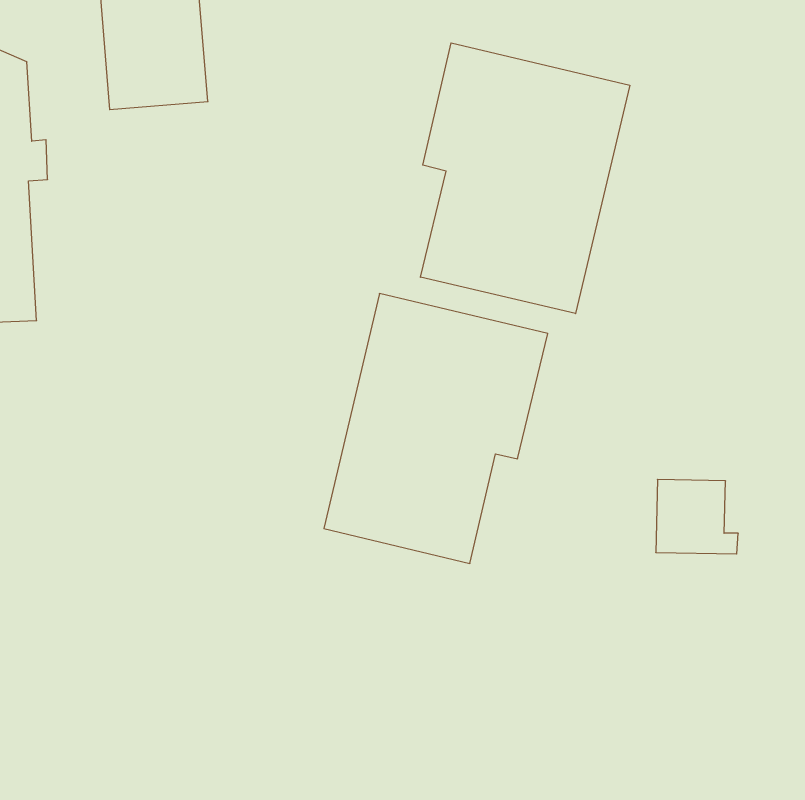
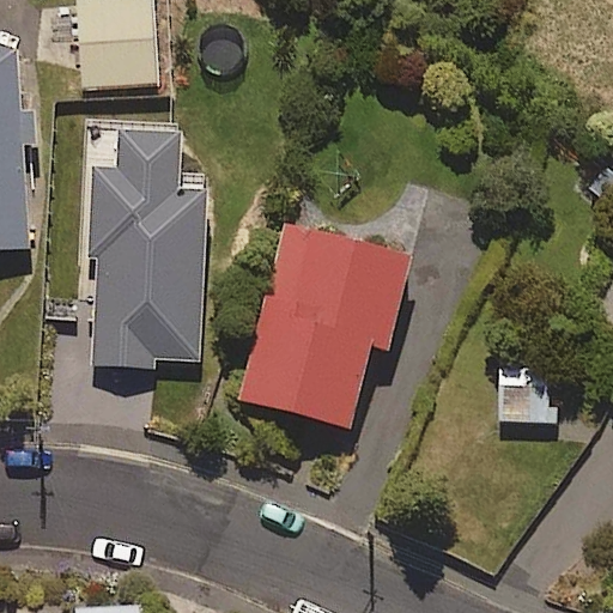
building: [420,43,630,314] -> none
building: none -> [85,144,204,372]

